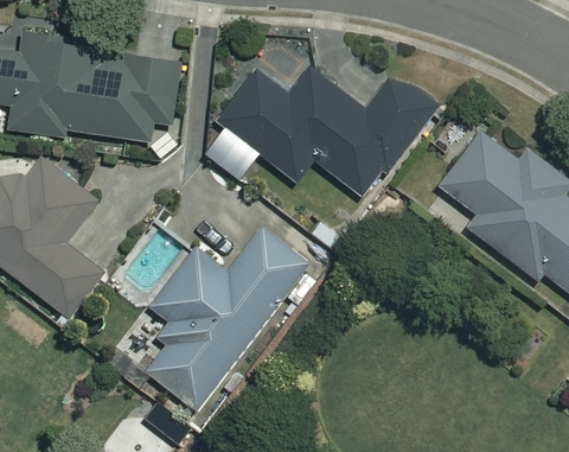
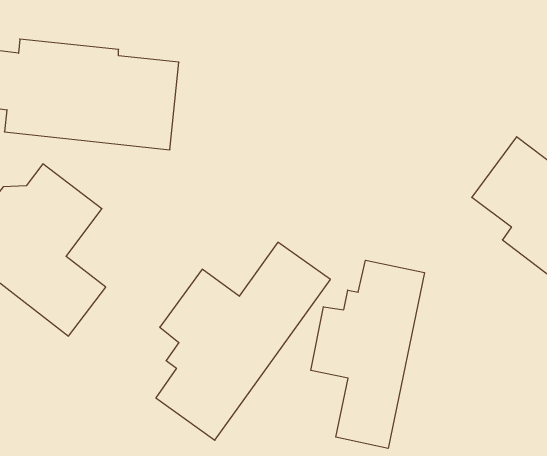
building: [217,68,436,196] -> none
building: none -> [311,260,424,448]

